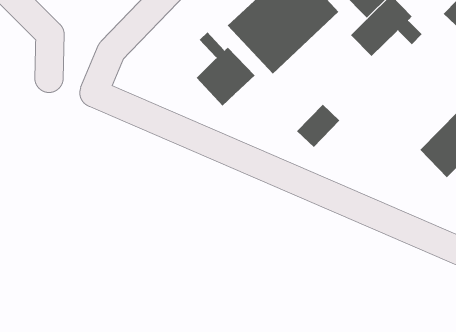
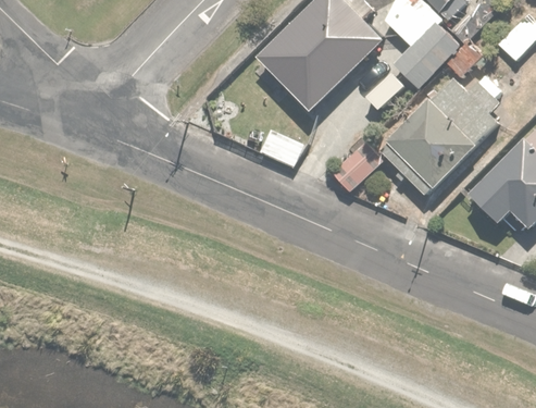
building: [196,32,255,106] -> none
building: none -> [381,77,499,194]

